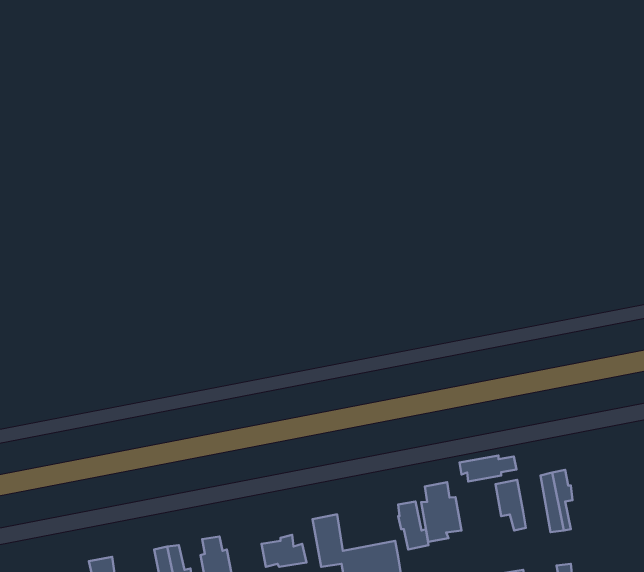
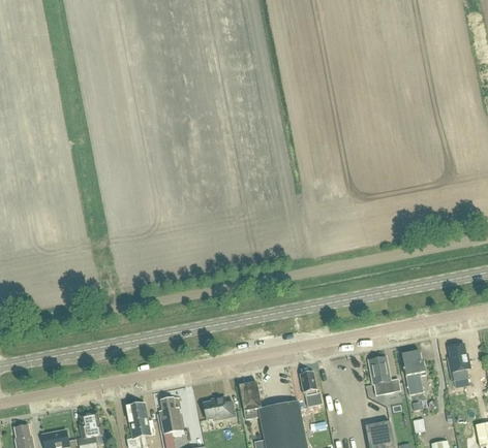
building: [459,456,516,482] -> none
building: none -> [447,344,469,382]
building: [421,482,462,542] -> none

